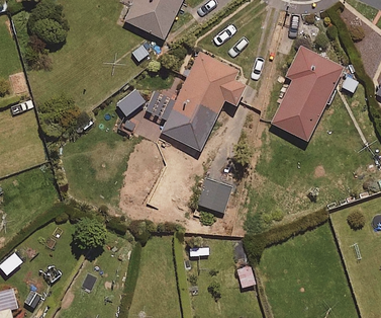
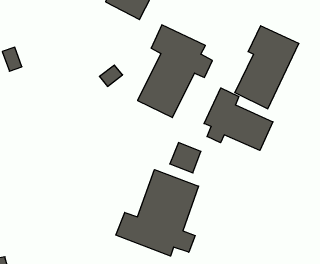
building: none -> [204,88,273,150]
building: none -> [116,170,199,256]

